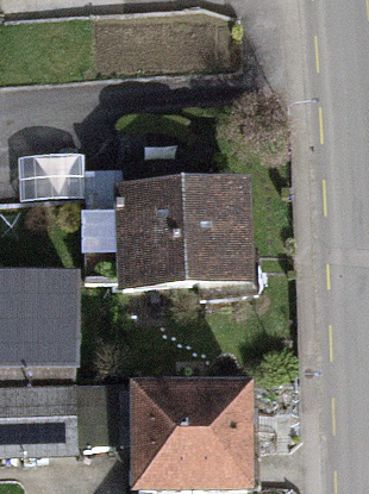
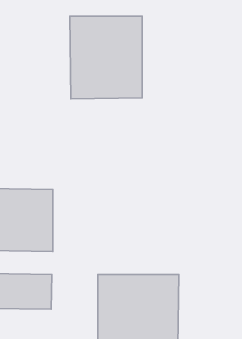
building: none -> [70,16,142,99]
building: [120,193,248,281] -> none

